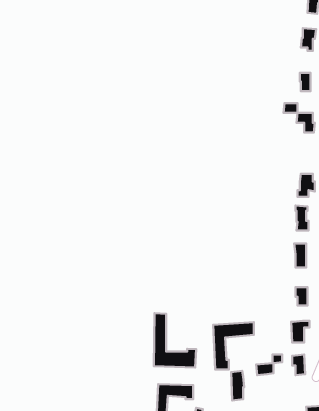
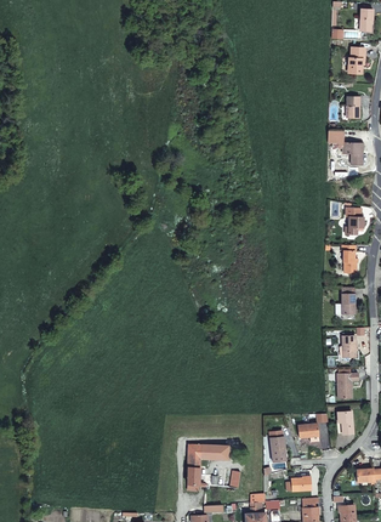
building: [154,313,196,367] -> none
building: [213,322,254,369] -> none

